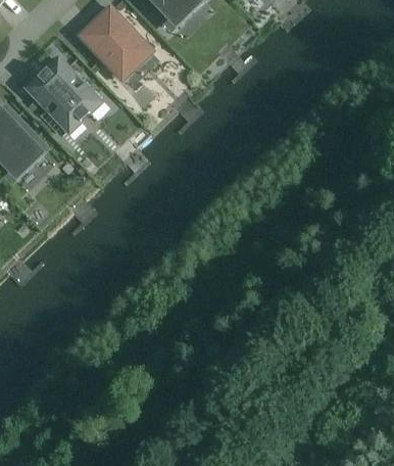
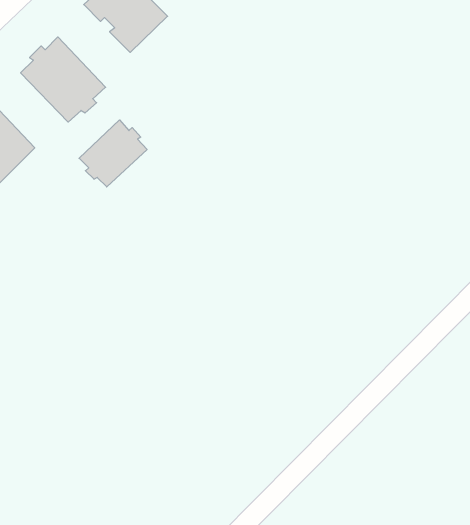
building: none -> [79,120,147,187]

